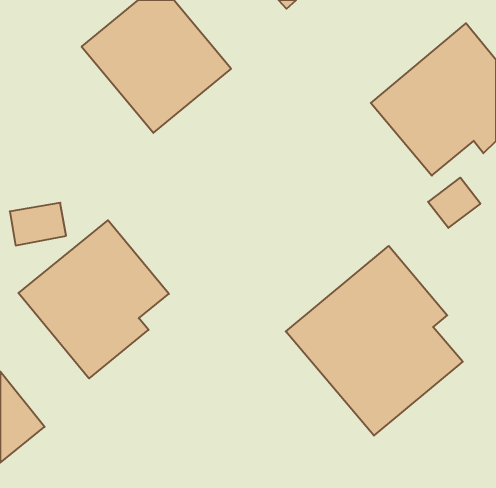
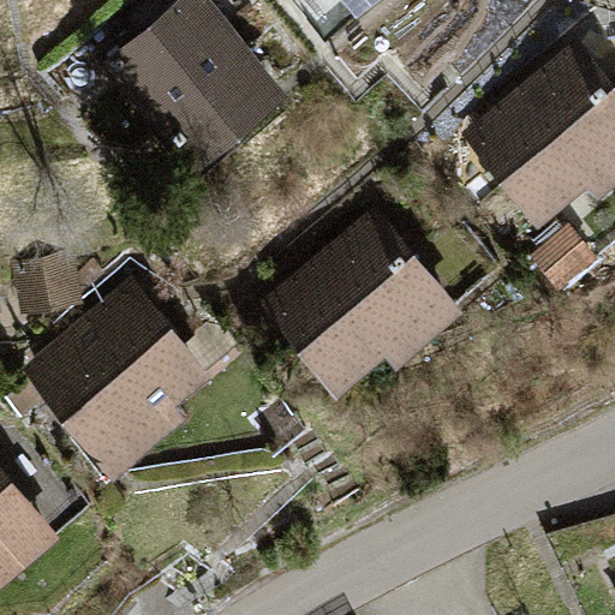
building: none -> [262,210,460,392]
building: [286,246,463,436] -> none

